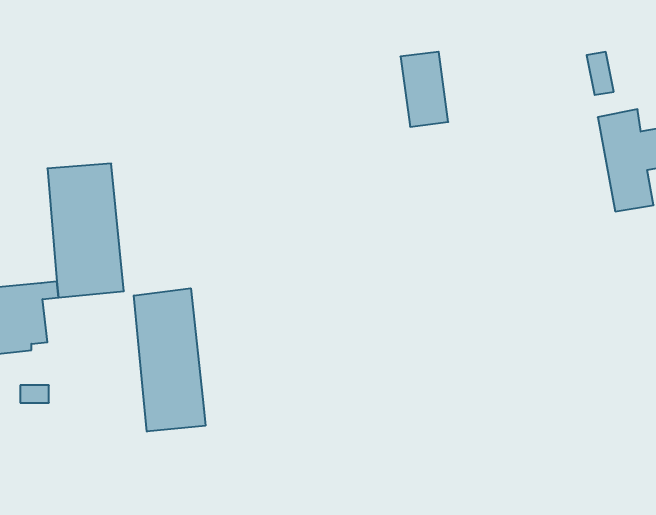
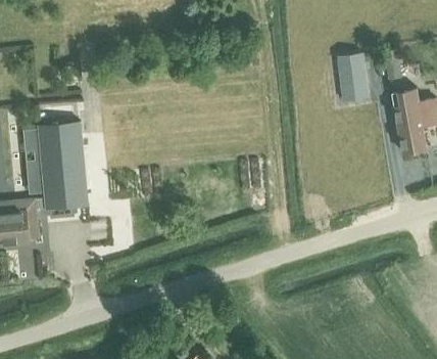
building: [400,52,448,127] -> [337,54,368,102]
building: [134,288,205,432] -> none

